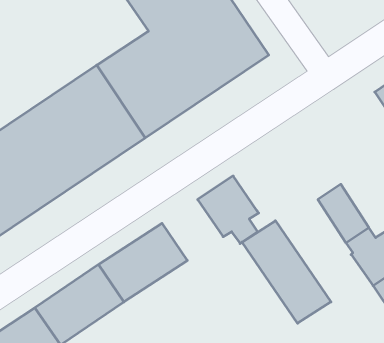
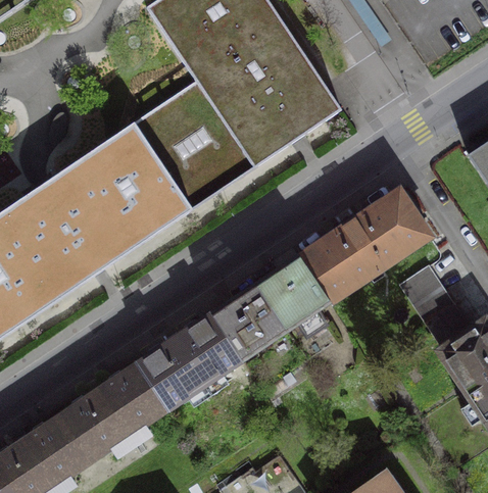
building: none -> [298,188,428,297]
building: none -> [212,284,286,357]
building: [242,221,331,323] -> none

